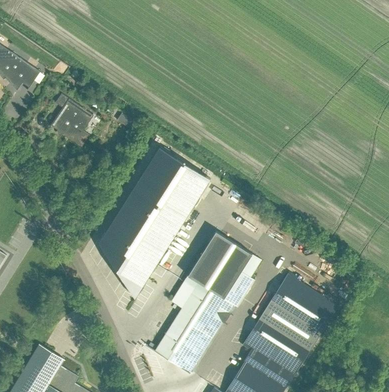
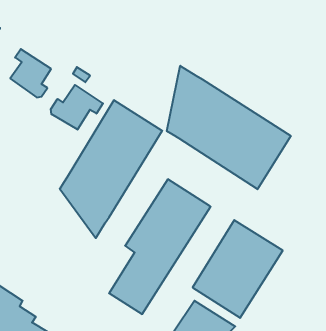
building: none -> [167,66,291,189]
building: none -> [51,85,103,130]

